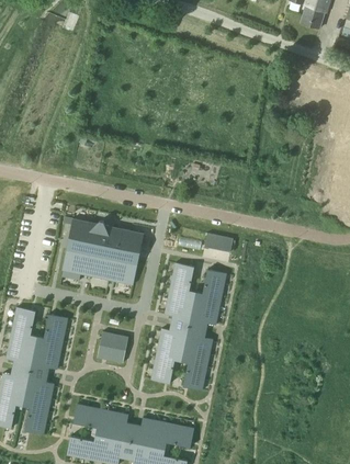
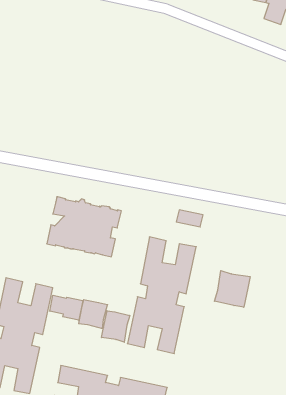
building: none -> [214,271,250,307]
building: none -> [50,295,83,320]
building: none -> [102,311,130,342]

